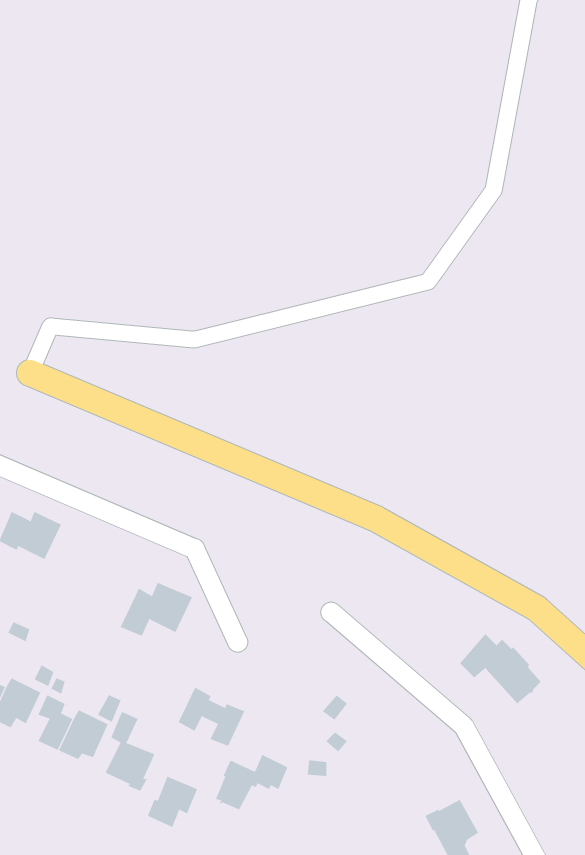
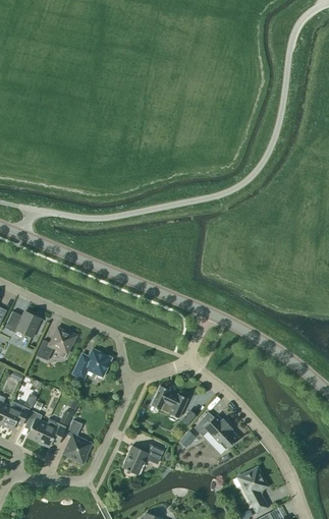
building: none -> [36,327,76,360]
building: [459,633,541,704] -> [194,411,238,450]
building: [178,687,245,747] -> [151,385,187,417]
building: [147,776,198,828] -> none

